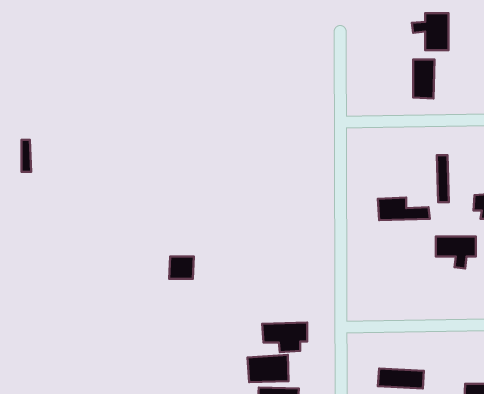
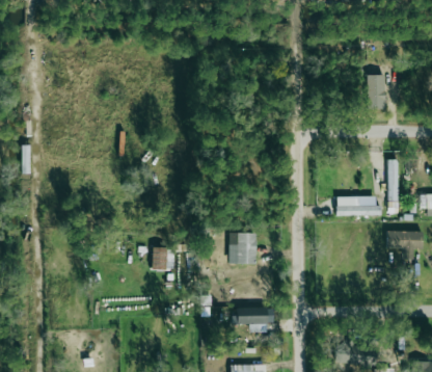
building: [412,13,448,50] -> none
building: none -> [228,233,255,264]
building: [247,355,288,382] -> none

